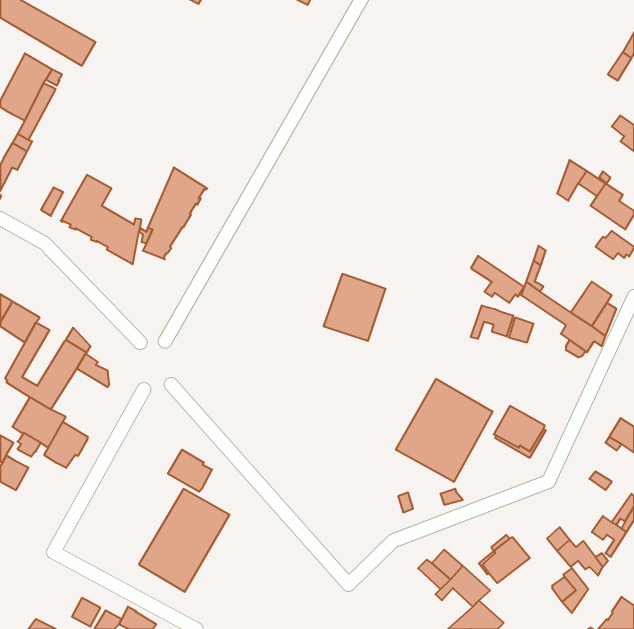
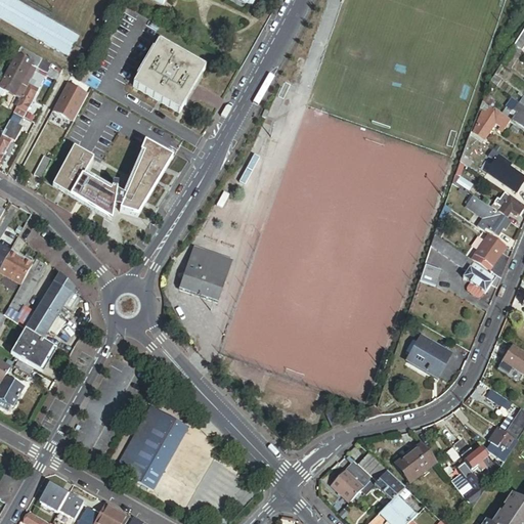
building: none -> [133,39,205,111]
building: none -> [57,74,87,108]
building: none -> [473,99,511,138]
building: [471,256,524,303] -> [466,194,510,233]
building: [323,274,386,341] -> [180,246,231,301]
building: [471,305,513,339] -> none
building: [396,379,493,482] -> none
building: [44,422,88,468] -> none
building: [168,450,212,492] -> none
building: none -> [331,469,363,500]
building: none -> [40,483,68,511]

